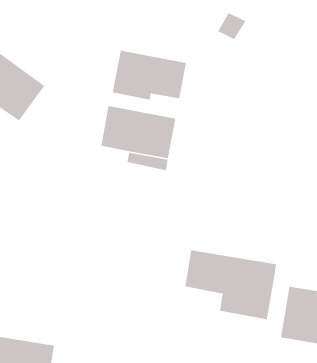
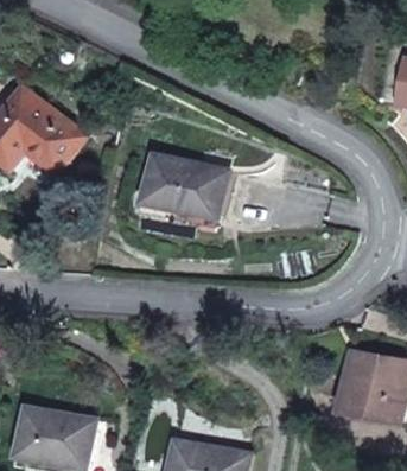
building: [112,50,187,100] -> none
building: [184,250,277,320] -> none

